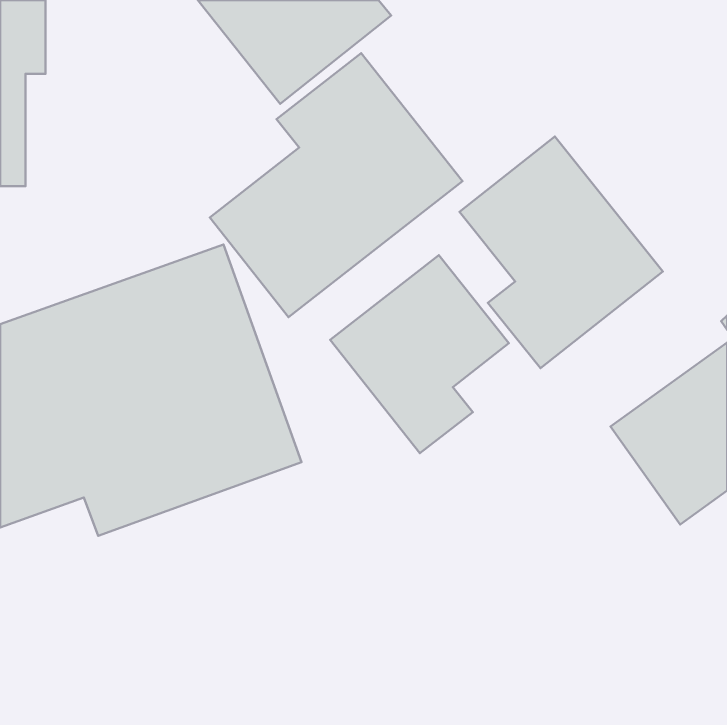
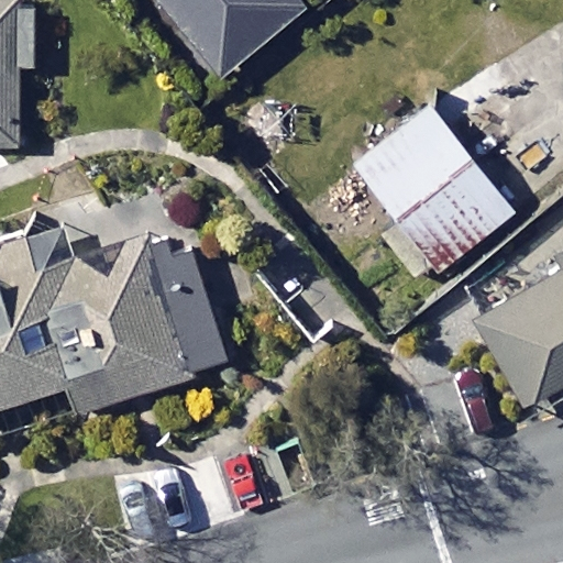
building: [210,53,462,317] -> none
building: [330,255,509,453] -> none

